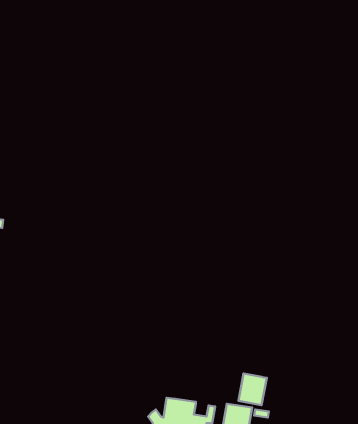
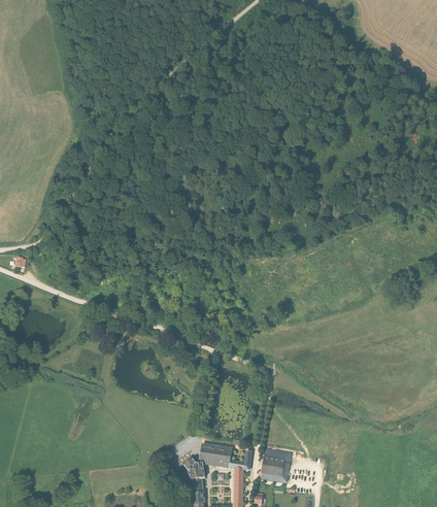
building: [238,374,267,405] -> none

